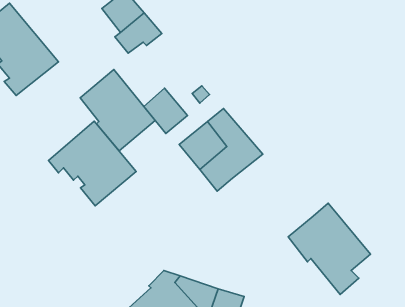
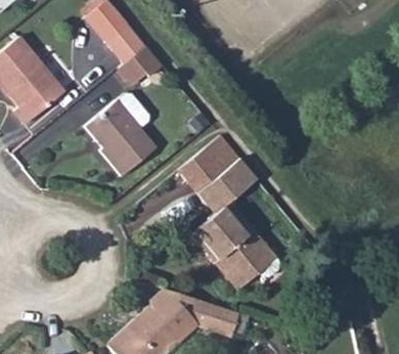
building: [144,88,187,133] -> none
building: [49,121,136,206] -> none
building: [288,203,371,294] -> [190,202,268,287]

